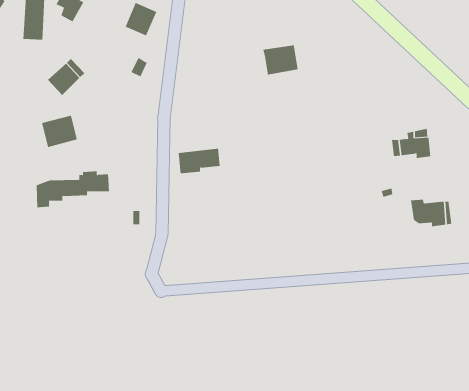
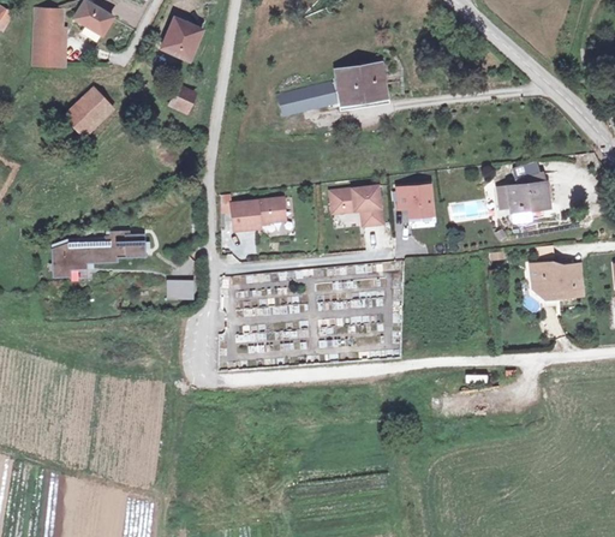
building: none -> [279,83,344,117]
building: [42,115,78,148] -> none
building: none -> [399,186,434,219]
building: none -> [330,187,382,228]

